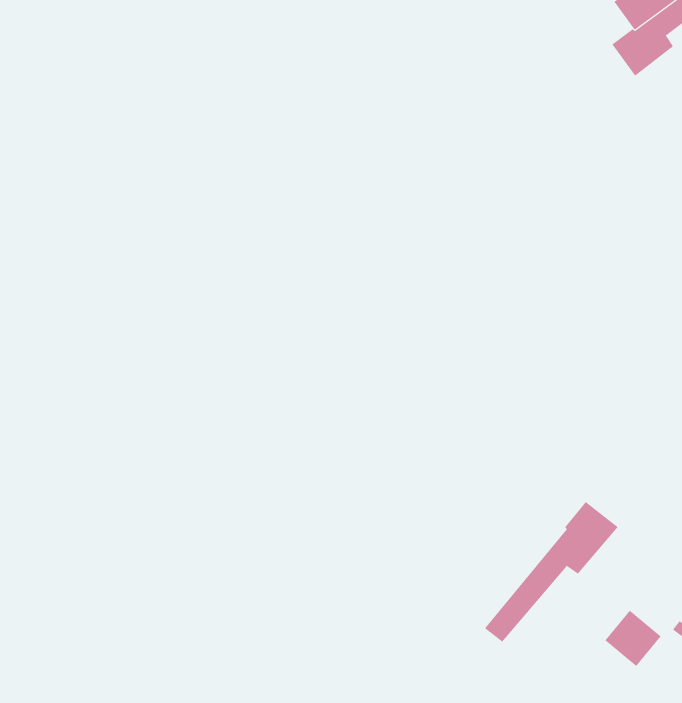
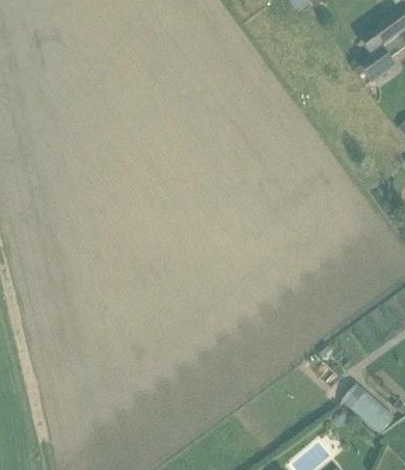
building: [484,501,618,642] -> none

